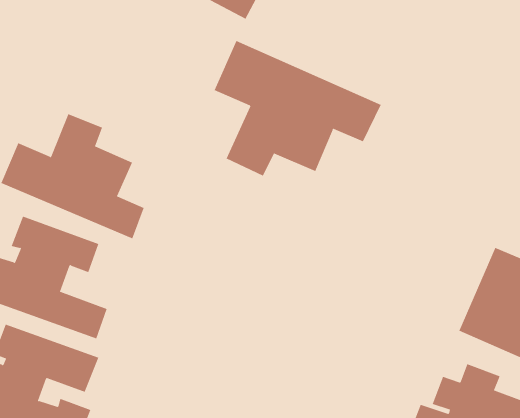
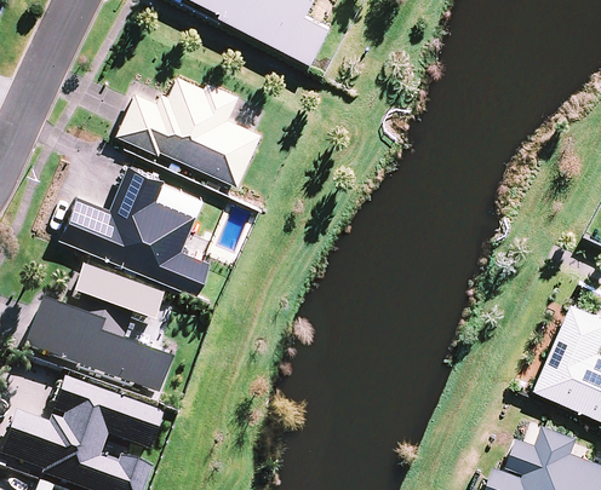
building: none -> [113,76,259,186]
building: [214,40,381,176] -> none

